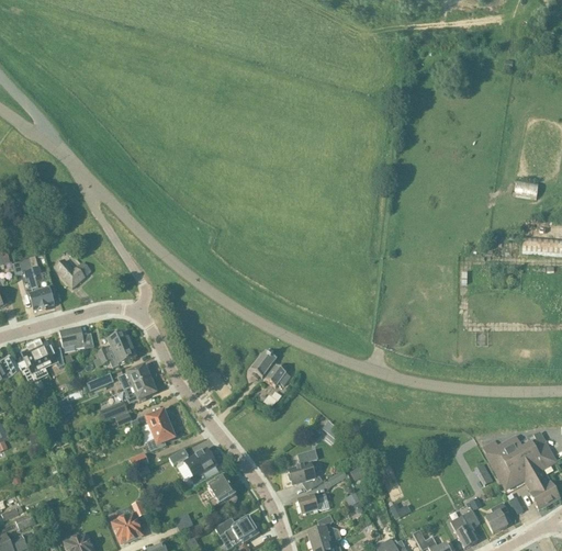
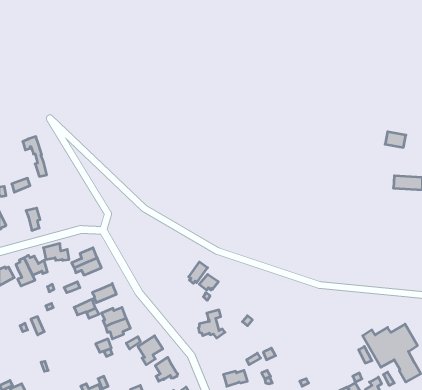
building: [12,257,44,310] -> [23,137,47,176]
building: [55,259,91,286] -> none
building: [117,364,150,390] -> none
building: [288,450,323,487] -> [198,310,225,338]

